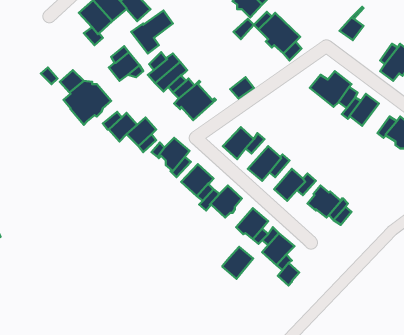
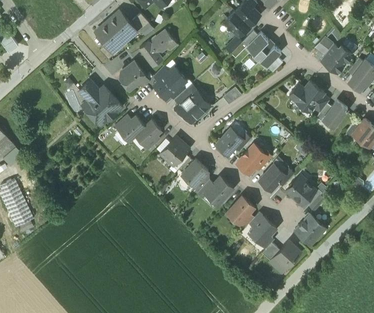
building: none -> [321,43,352,72]
building: none -> [295,214,325,244]
building: [222,247,253,279] -> [274,241,300,268]

